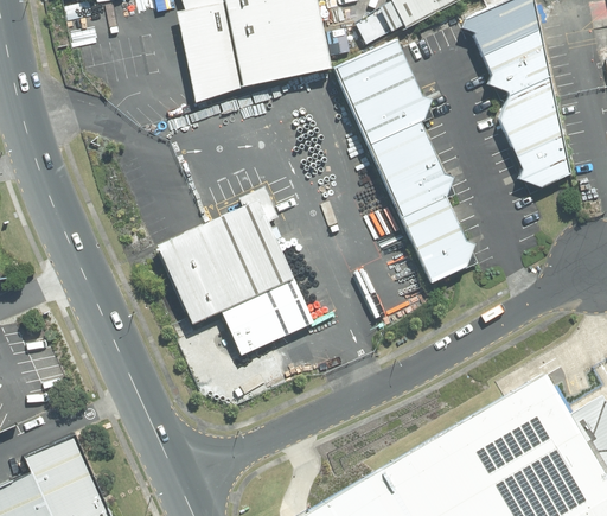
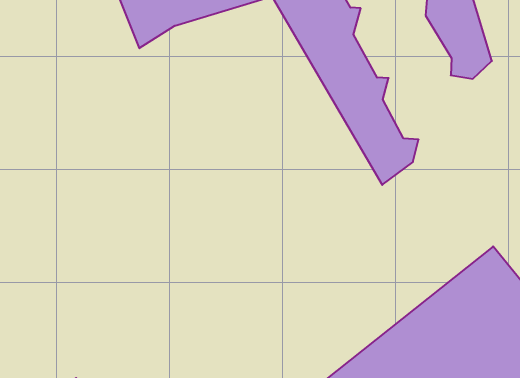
building: [161,203,311,353] -> none

